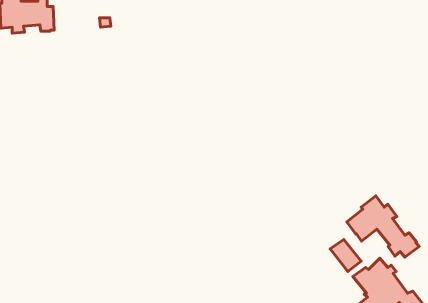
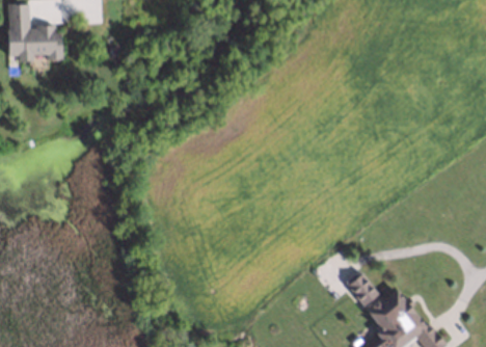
building: [347,196,419,257] -> none

